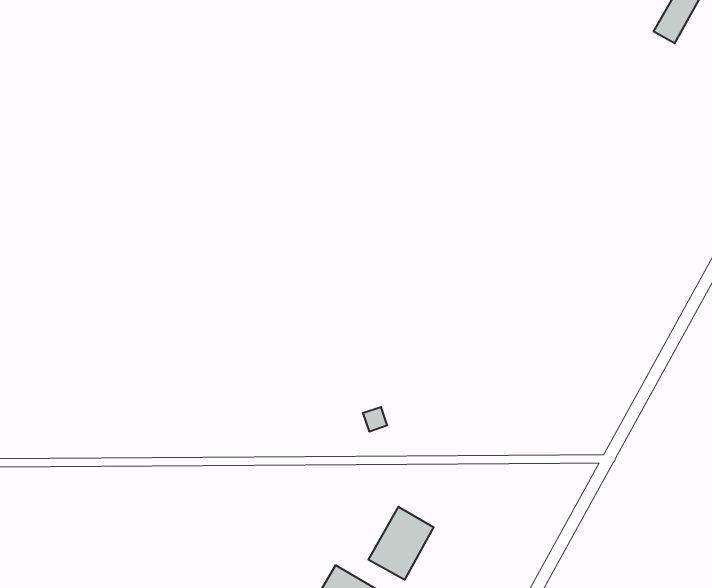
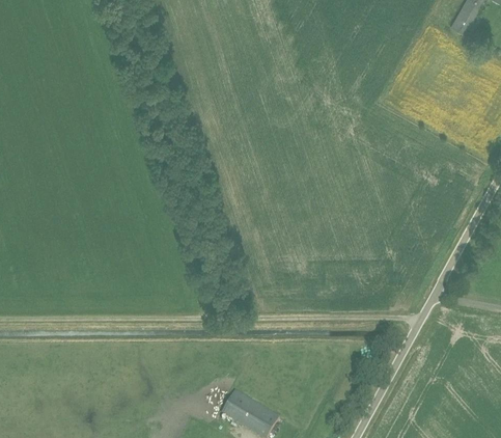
building: [368,507,434,580] -> none

